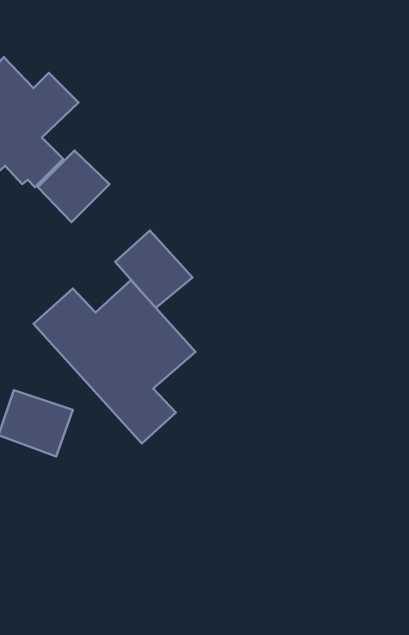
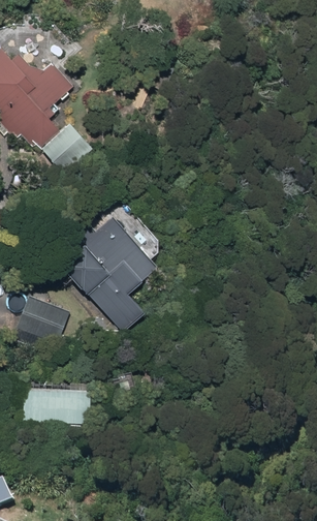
building: [115,230,192,308] -> none
building: none -> [21,387,85,424]

